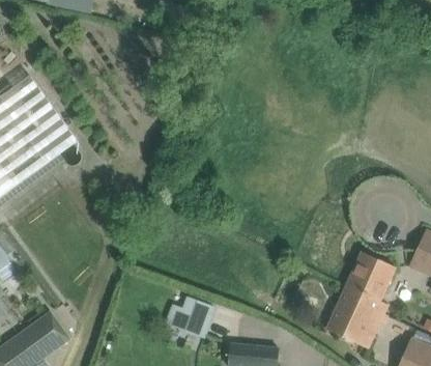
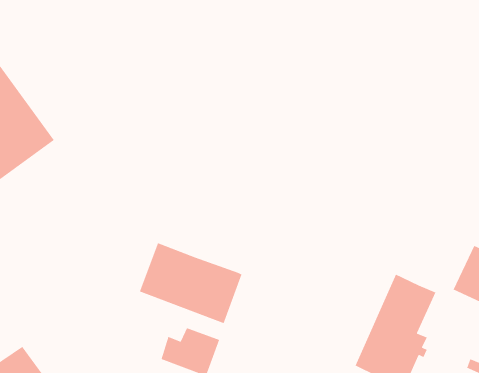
building: none -> [139,242,243,324]

